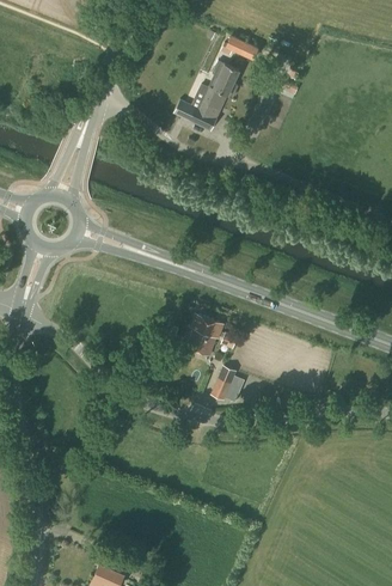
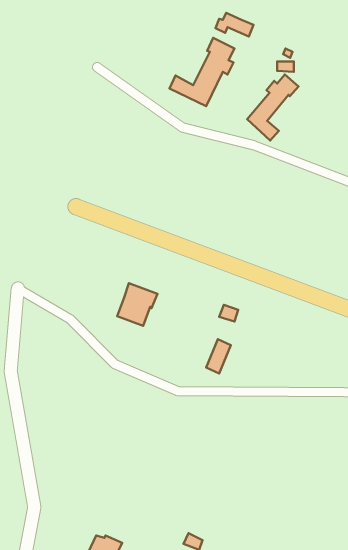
building: none -> [247,74,298,140]
building: [183,313,223,356] -> [117,283,157,326]

